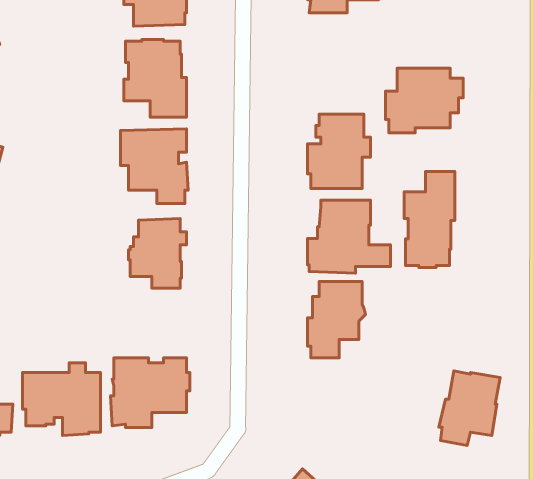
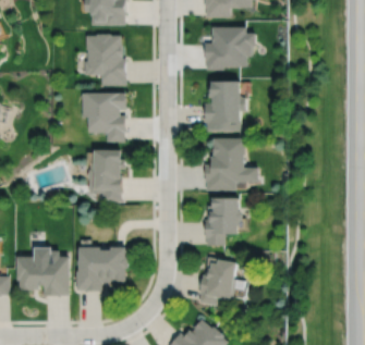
building: [385,68,463,133] -> [204,28,255,71]
building: [404,171,455,268] -> none
building: [439,371,500,445] -> [197,255,238,304]

